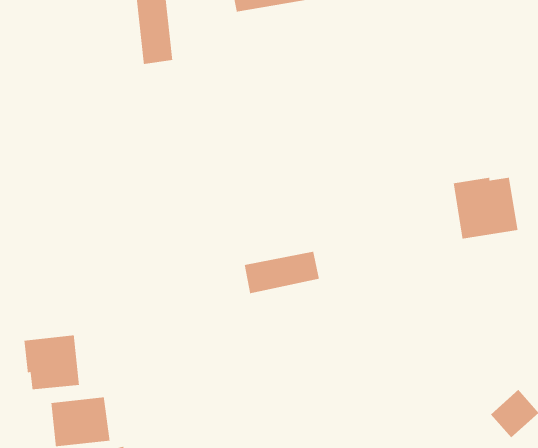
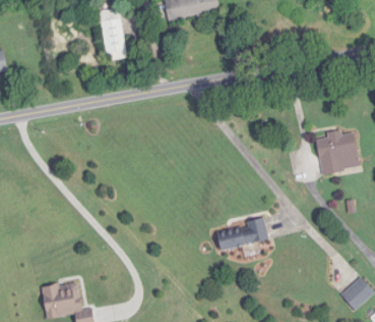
building: [244,251,320,294] -> [215,220,267,250]
building: [24,335,80,390] -> none

